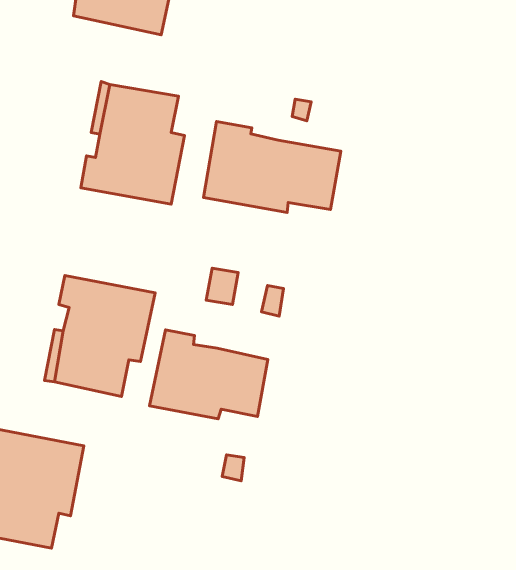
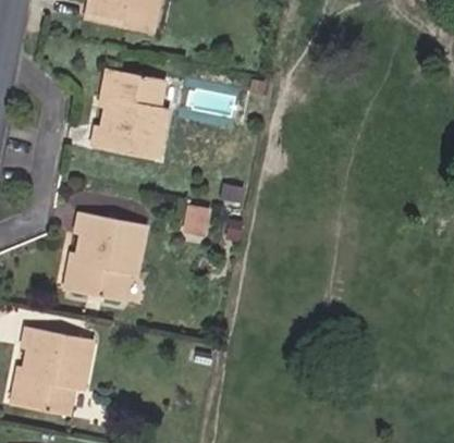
building: [204,122,341,213] -> none
building: [150,330,268,419] -> none

